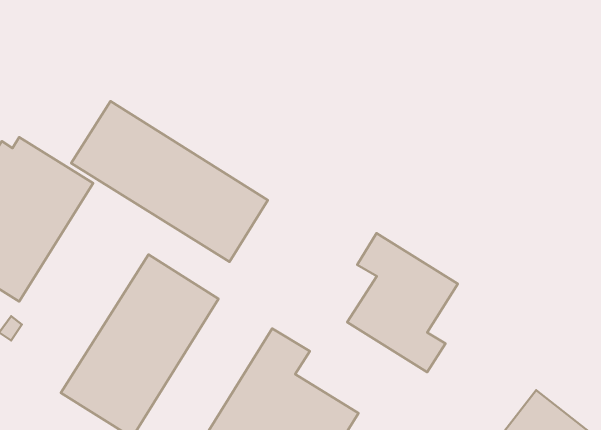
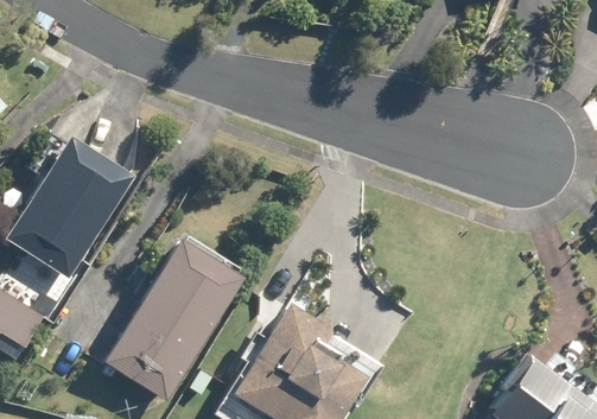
building: [71,101,268,262] -> none
building: [347,233,458,372] -> none

